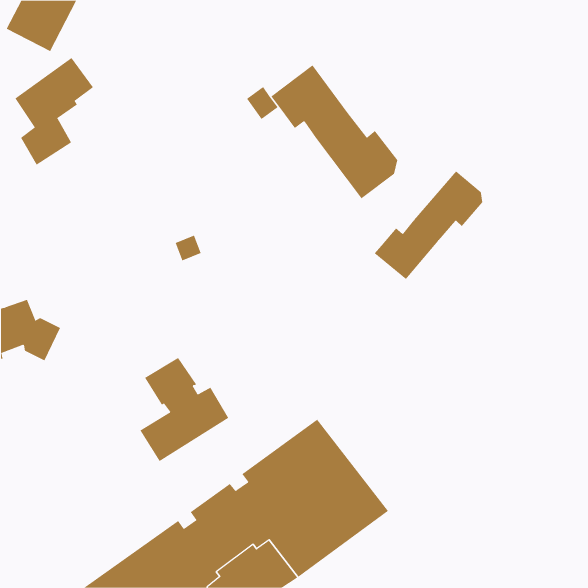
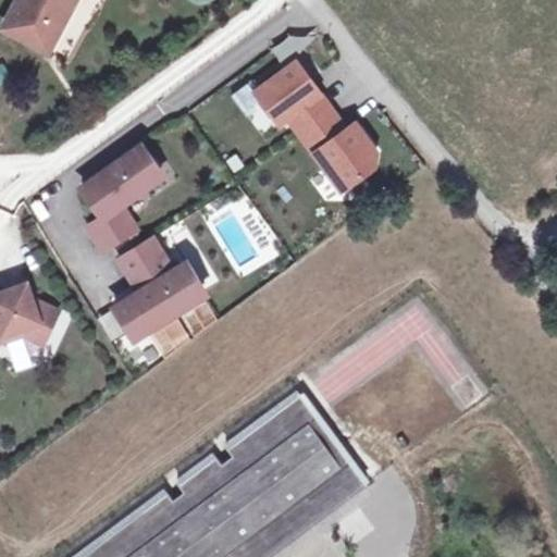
building: [14,57,94,165] -> [83,149,158,251]
building: [374,171,483,280] -> none
building: [139,357,229,462] -> [115,238,200,337]

